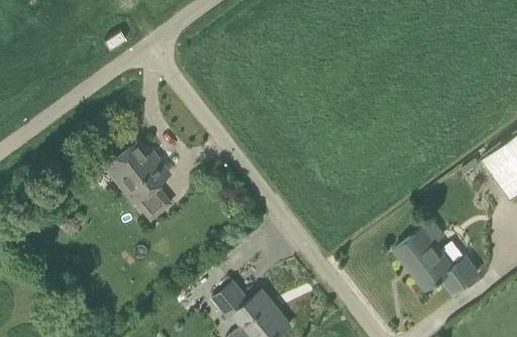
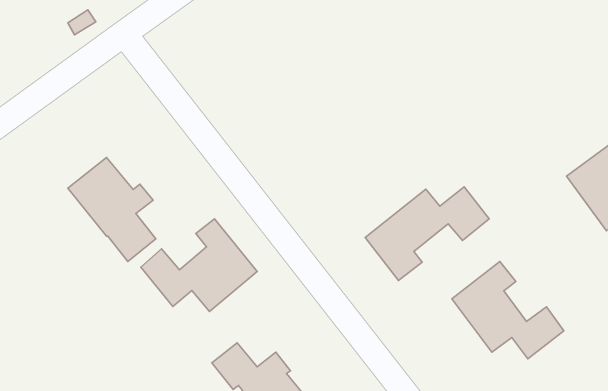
building: none -> [365,187,489,280]
building: none -> [141,219,257,311]

